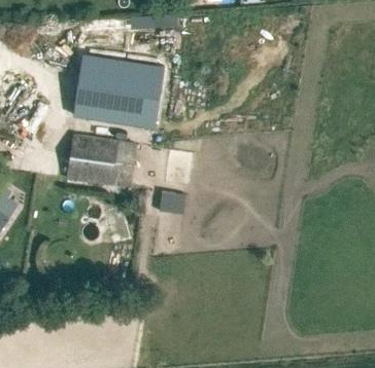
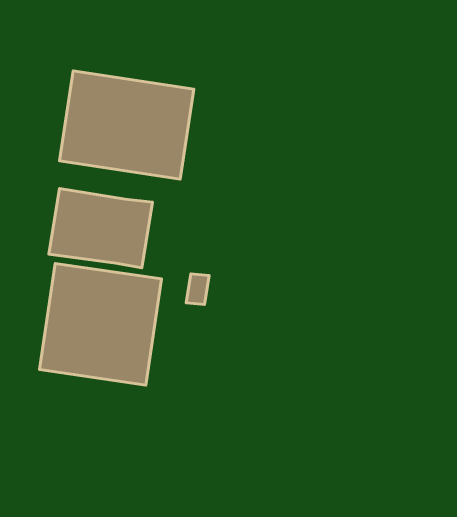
building: none -> [40,263,161,385]

